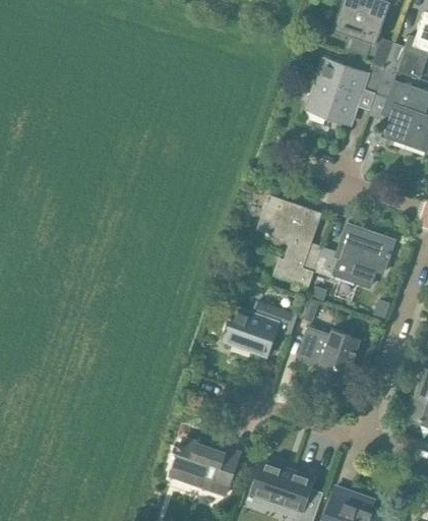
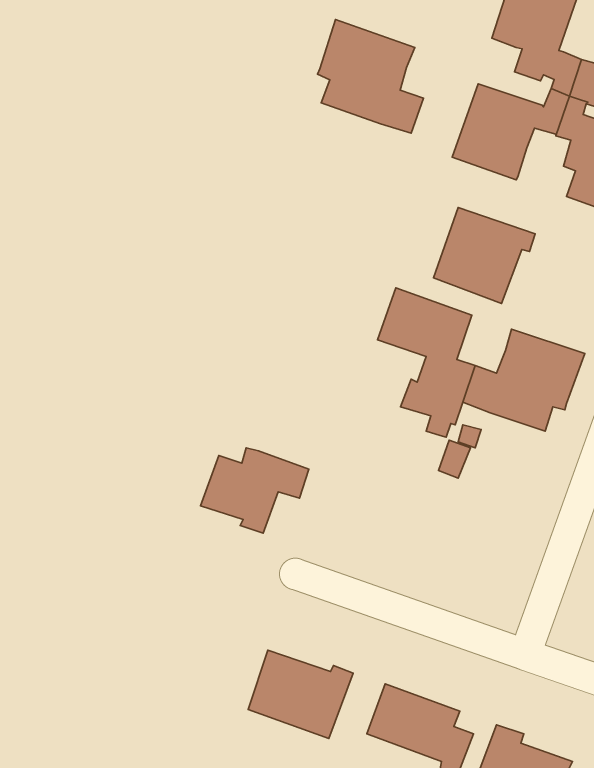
building: none -> [317,19,424,133]
building: none -> [433,208,535,303]
building: [225,300,297,357] -> [201,448,309,533]
building: [296,326,361,385] -> none

